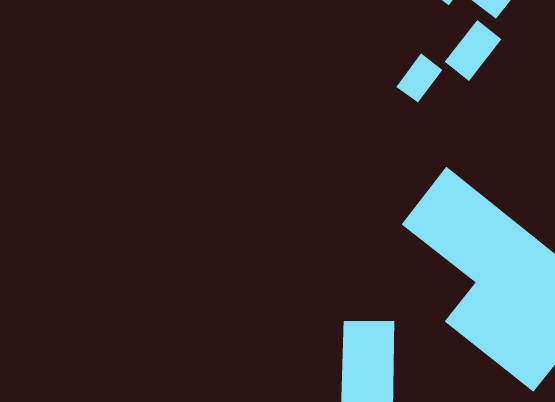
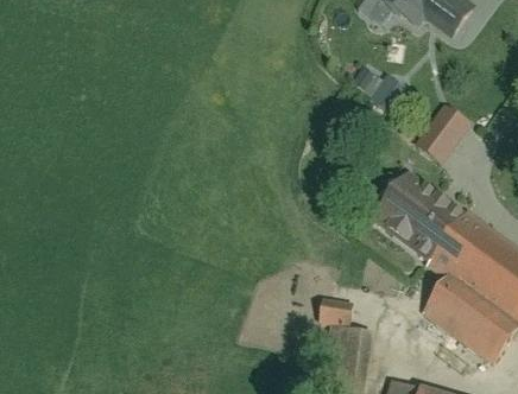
building: [443,19,503,82] -> [410,100,462,155]

